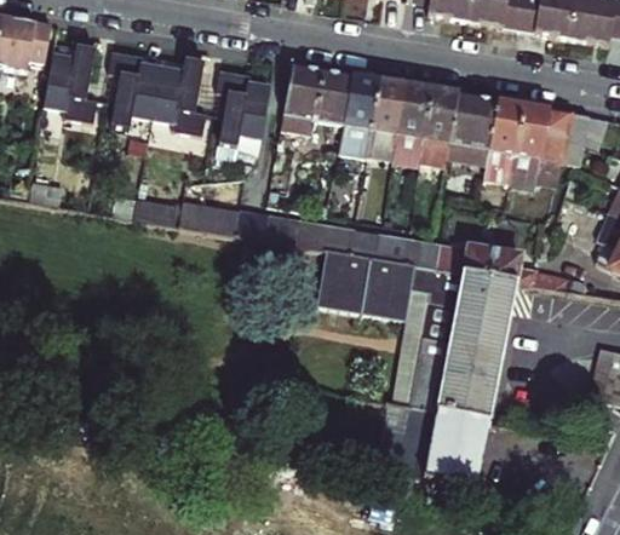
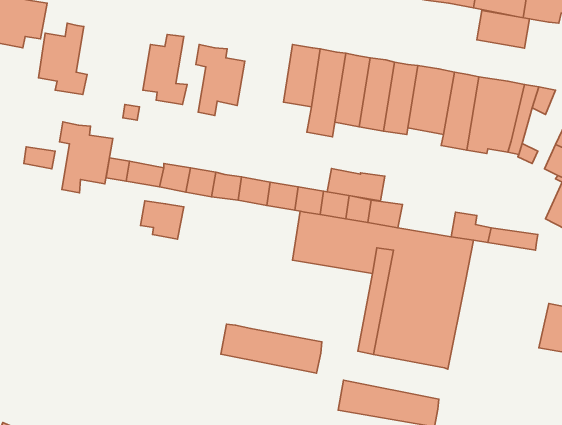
building: none -> [477,11,529,48]
building: [109,51,167,128] -> [59,122,113,193]
building: [281,63,322,136] -> none
building: none -> [140,201,184,239]
building: [437,243,500,278] -> [327,168,385,201]
building: [378,402,488,455] -> [221,324,322,373]

